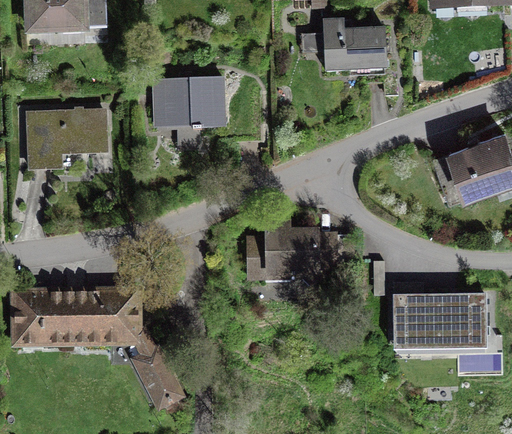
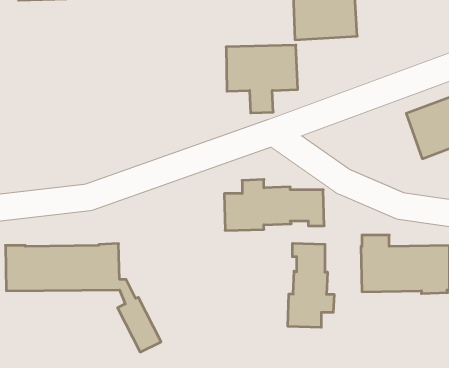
building: [154,77,230,149] -> [226,45,298,113]
building: [24,108,110,170] -> none
building: none -> [288,243,334,327]

